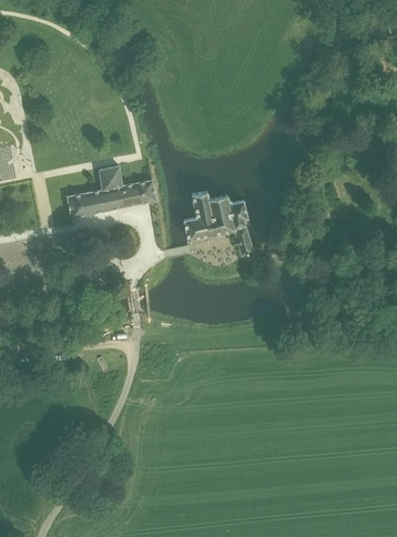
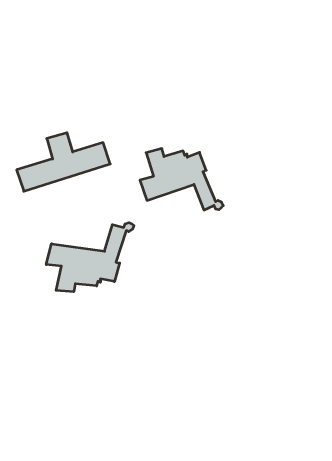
building: none -> [46,223,134,292]

